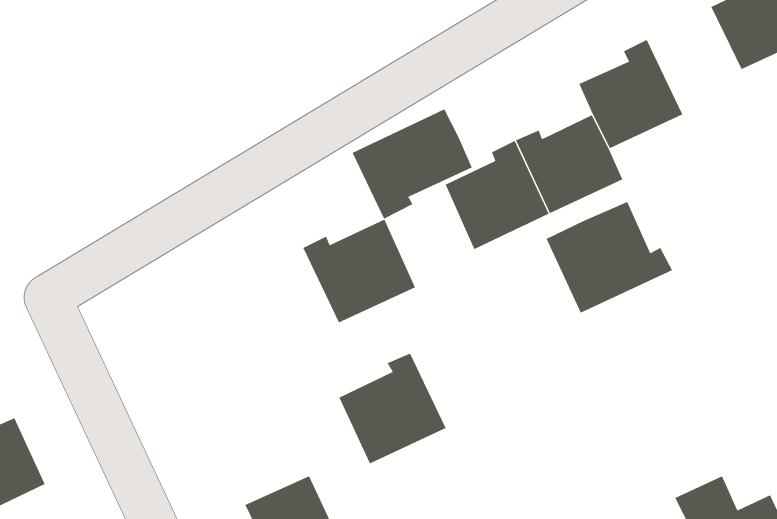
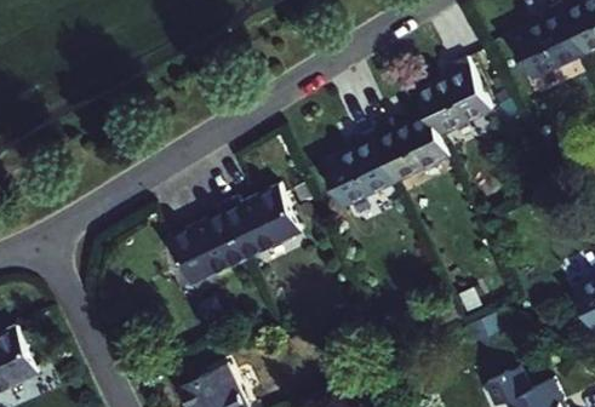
building: [352,108,472,219] -> none
building: [546,201,673,313] -> none
building: [339,353,447,464] -> [172,206,248,285]

